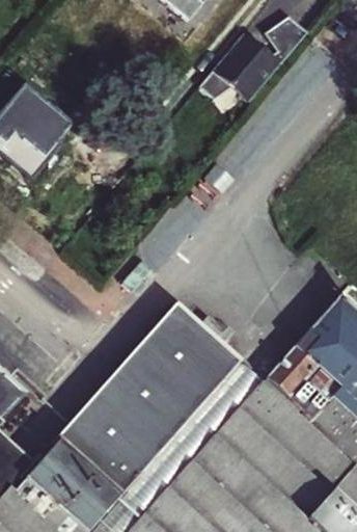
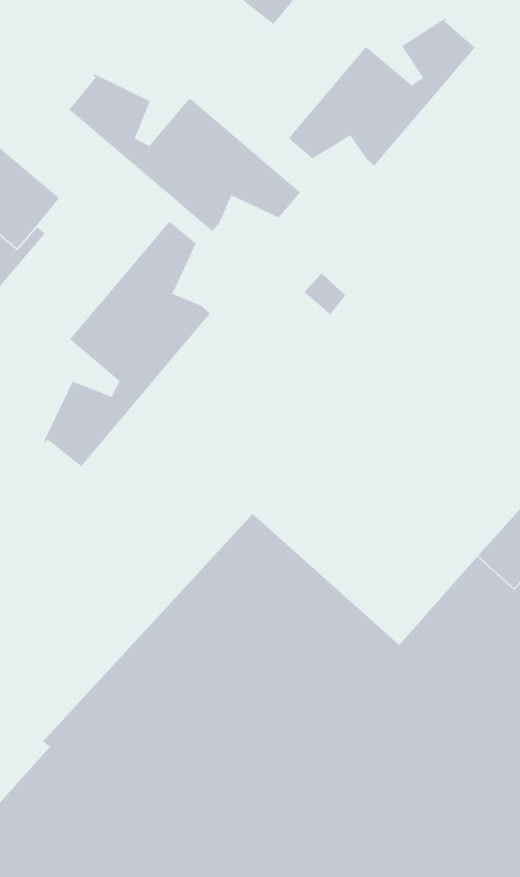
building: none -> [69,74,301,232]
building: none -> [43,221,210,467]

